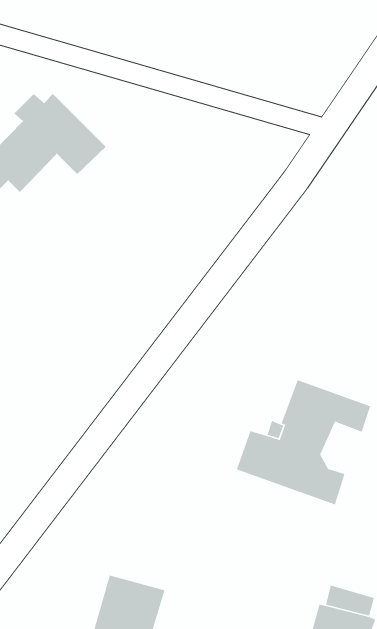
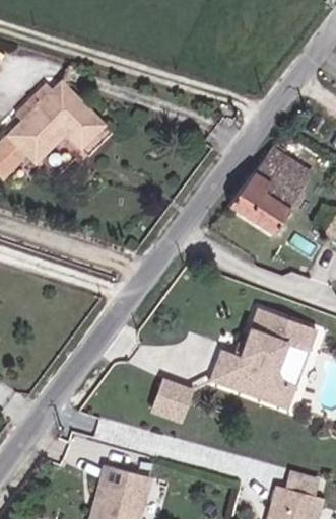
building: none -> [229,148,314,234]
building: none -> [154,382,191,422]

